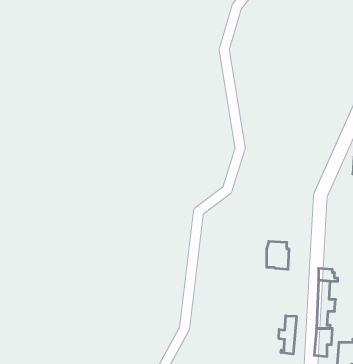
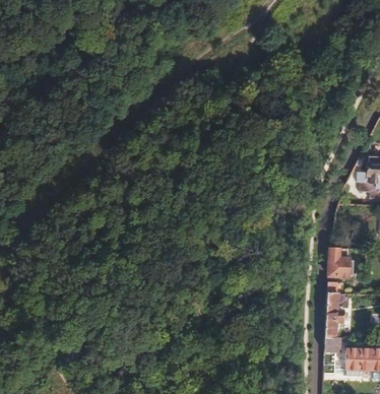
building: [267,241,289,269] -> [329,247,351,273]
building: [279,316,296,354] -> none

